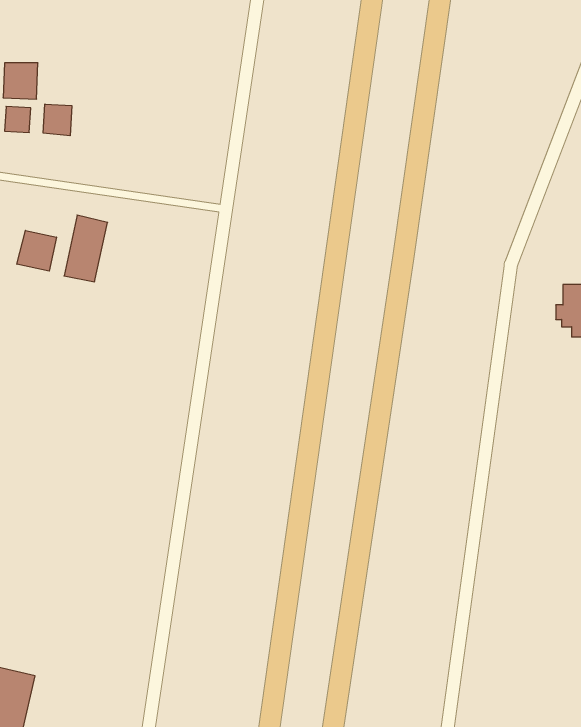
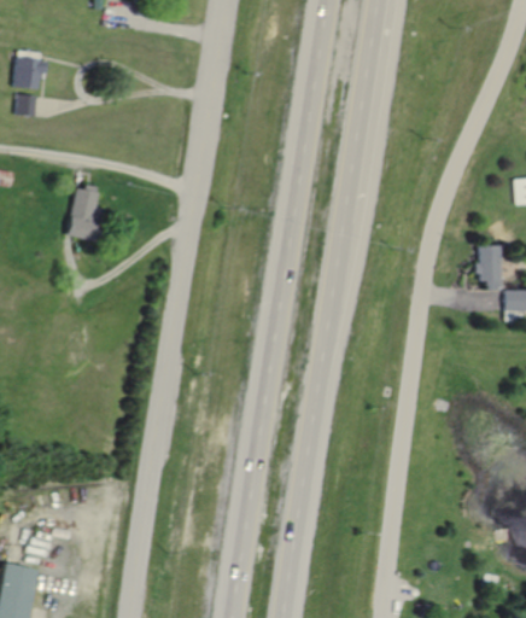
building: [43,104,72,136] -> none
building: [17,230,56,271] -> none

